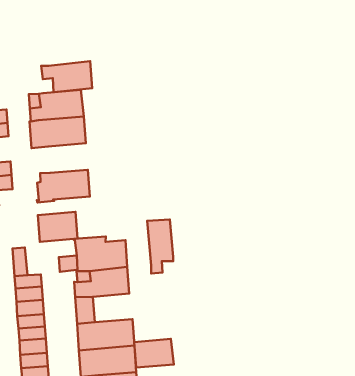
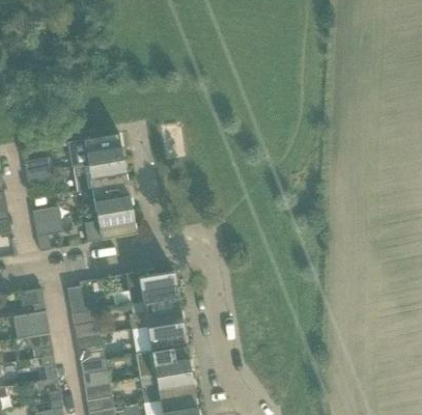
building: [41,61,92,92] -> none
building: [38,212,77,242] -> [92,183,132,214]
building: [147,219,173,274] -> none
building: [134,339,174,368] -> [147,321,187,351]

